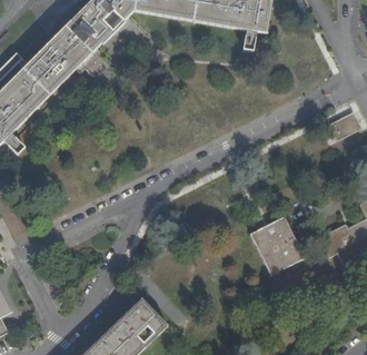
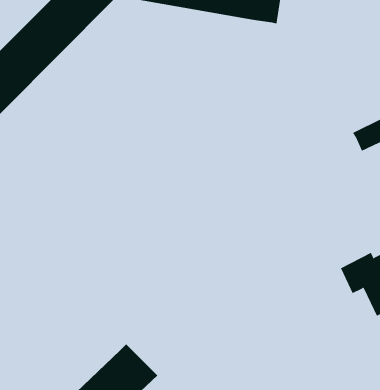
building: [249,216,305,275] -> none

